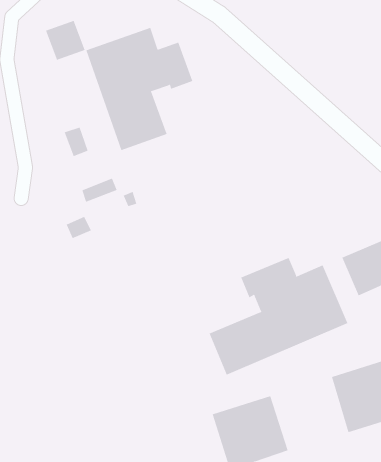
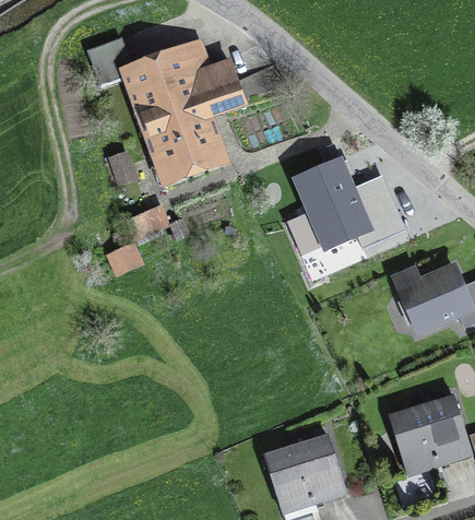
building: none -> [293,152,406,248]
building: [209,257,348,376] -> none

